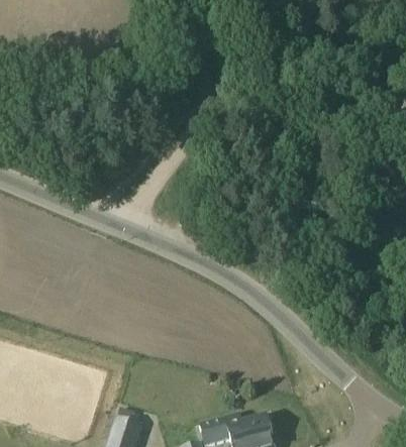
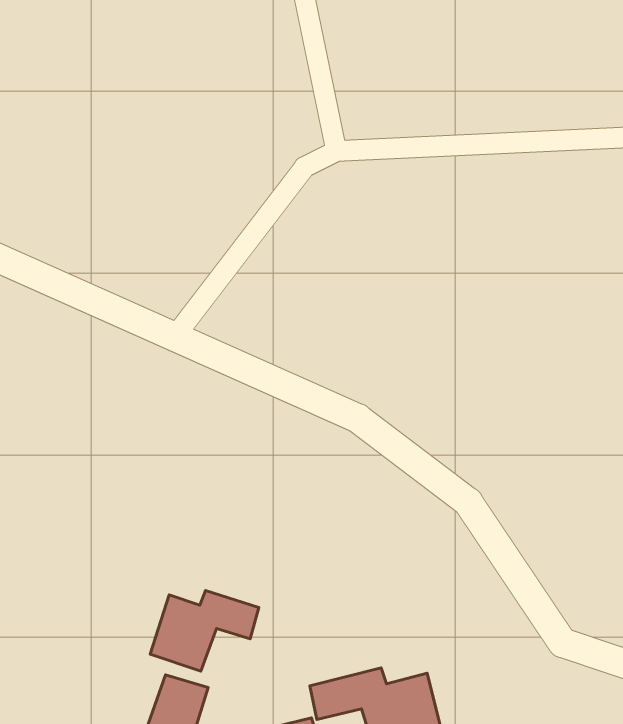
building: none -> [150,590,259,671]

